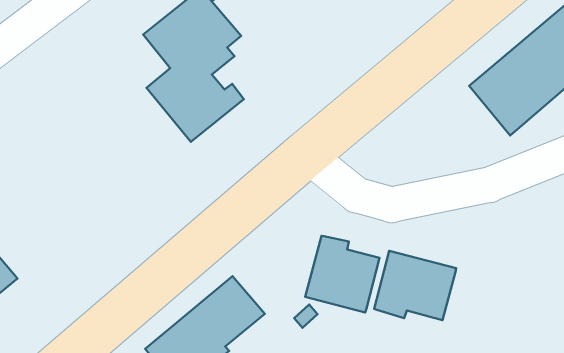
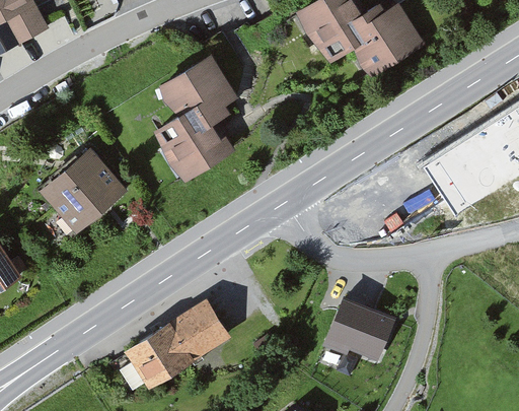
building: none -> [40,148,128,234]
building: [305,236,379,312] -> none

